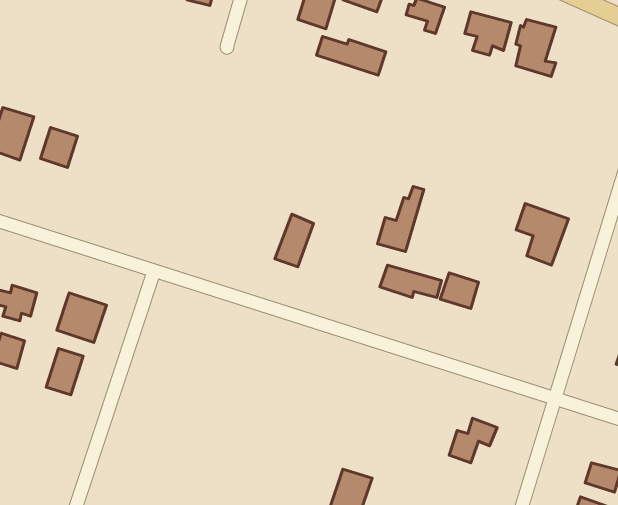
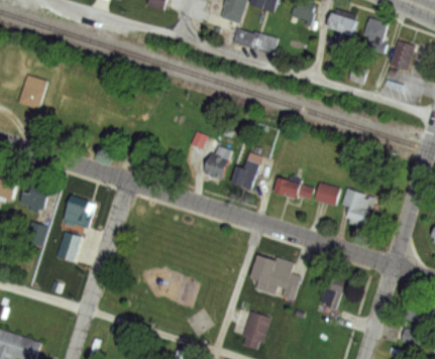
building: none -> [389,39,415,71]
building: [40,127,78,168] -> none
building: [378,187,424,251] -> [231,145,261,188]
building: [516,203,569,265] -> [341,188,375,228]
building: none -> [252,256,301,301]

